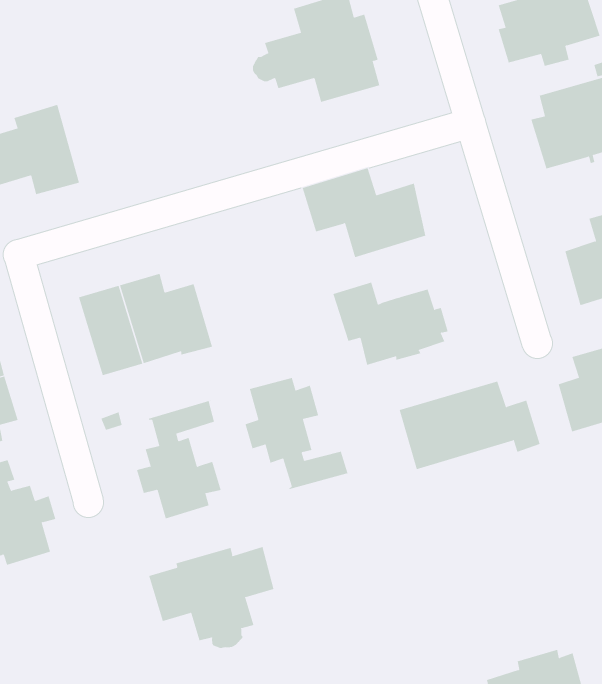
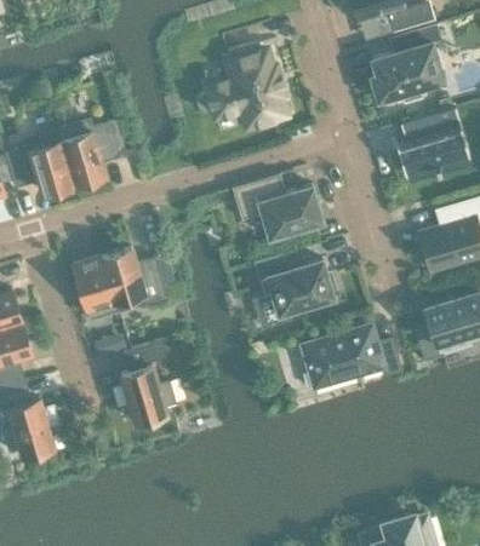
building: none -> [58,122,125,186]
building: [245,377,350,490] -> none
building: [148,546,274,649] -> none

